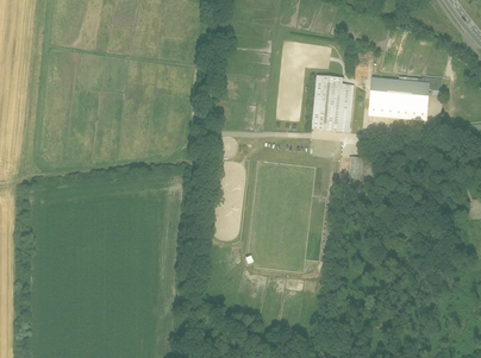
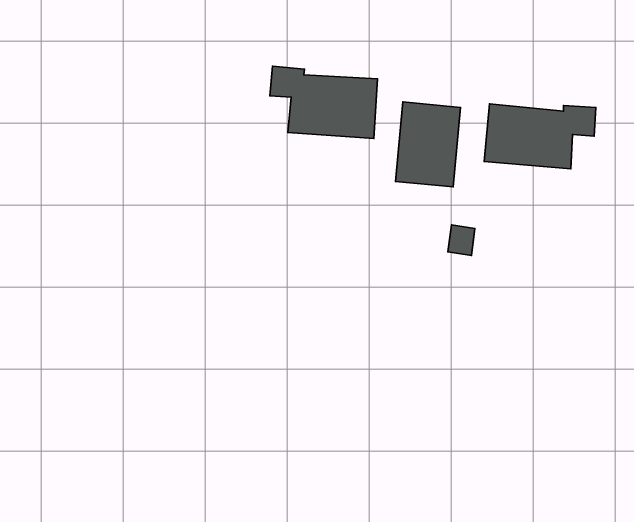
building: none -> [270,66,377,138]

